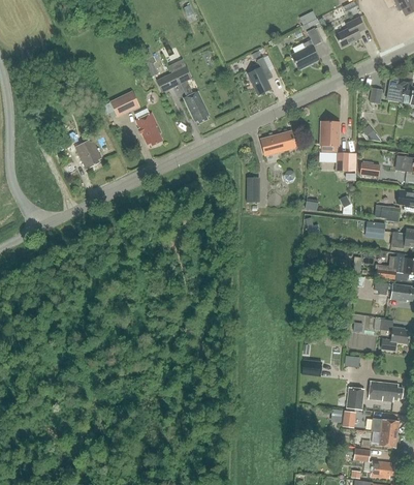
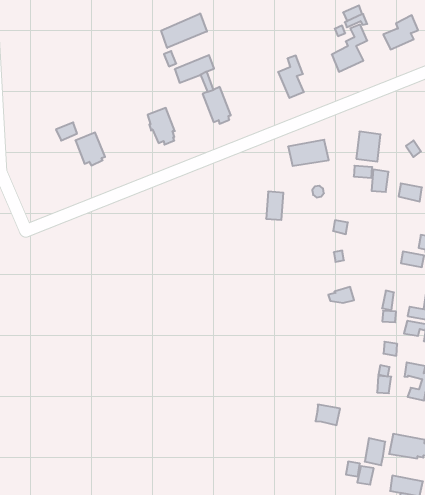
building: none -> [161,13,207,48]
building: [109,89,139,115] -> none

